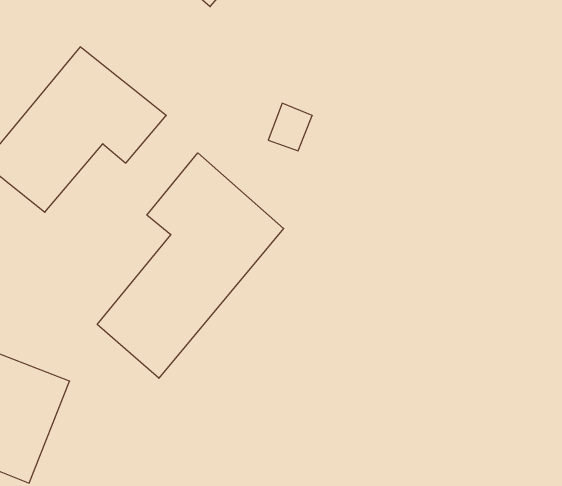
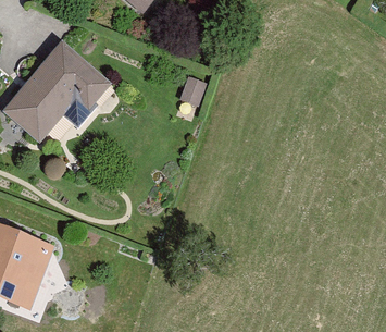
building: [97,153,284,378] -> none

